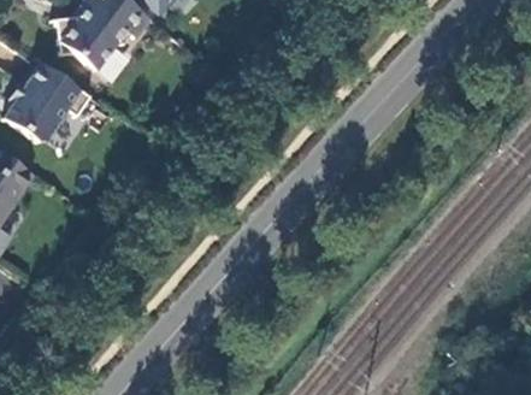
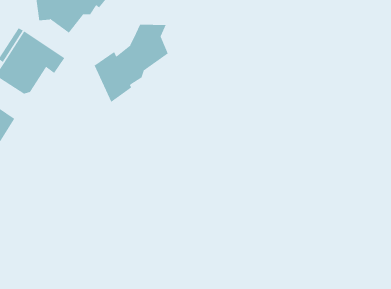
building: none -> [94,24,169,103]

